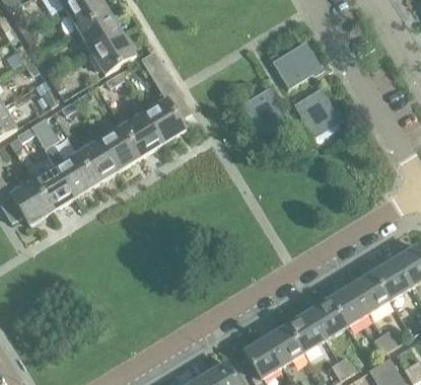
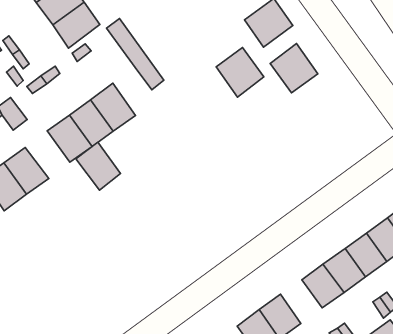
building: [142,97,184,143] -> none
building: [54,151,95,197] -> [76,142,121,190]
building: [286,311,325,353] -> none

